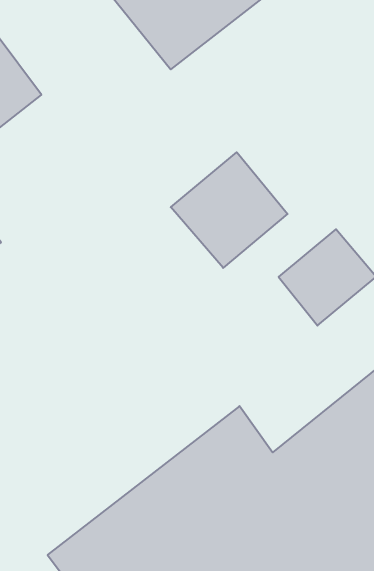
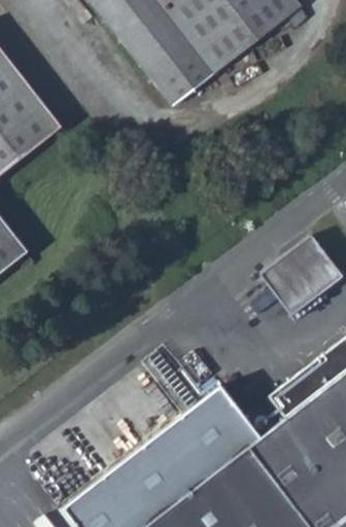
building: [171,152,288,268] -> none

